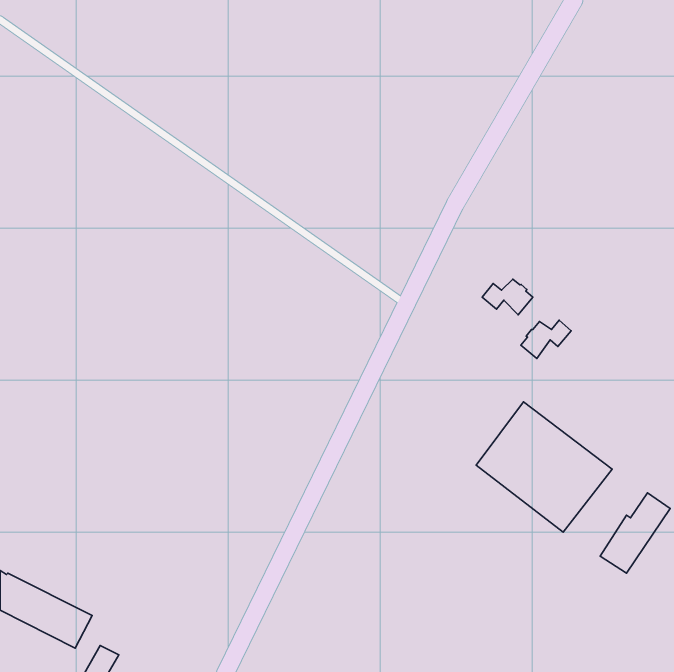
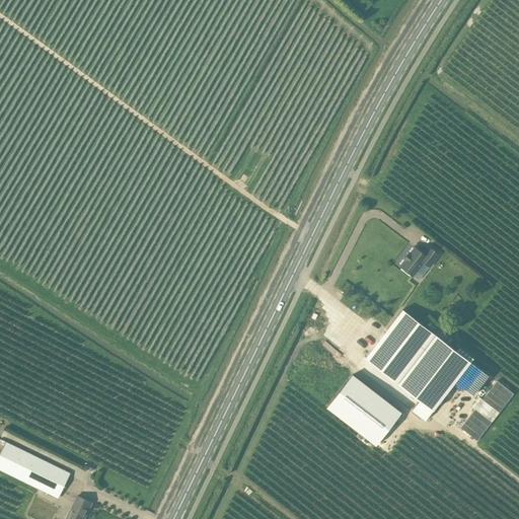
building: [482,279,533,315] -> none
building: none -> [327,375,401,446]

